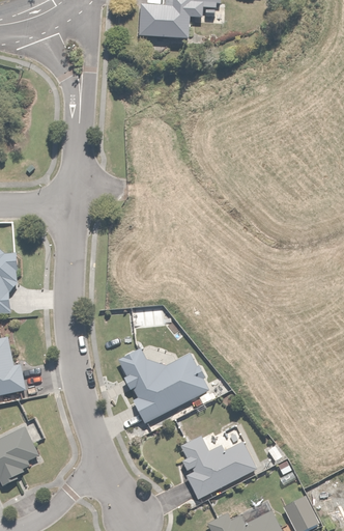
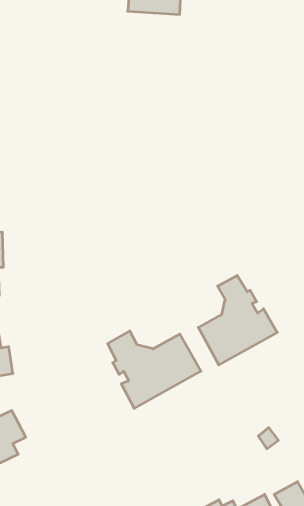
building: none -> [198,275,277,365]
building: [180,436,258,500] -> none

